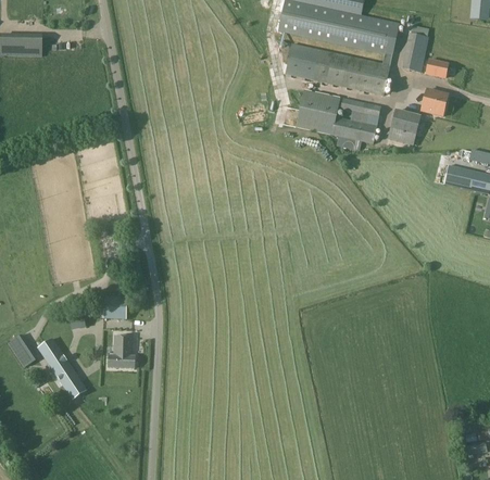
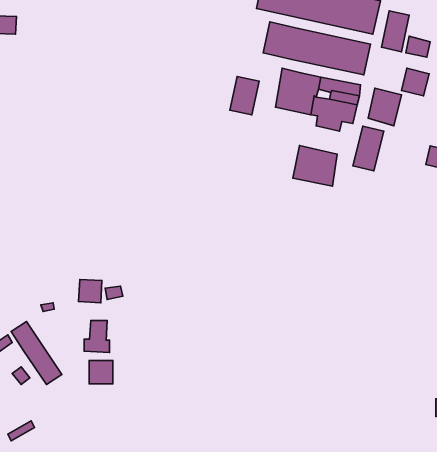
building: none -> [230,77,259,115]
building: none -> [353,126,384,171]
building: none -> [293,145,337,186]
building: none -> [89,360,113,384]

